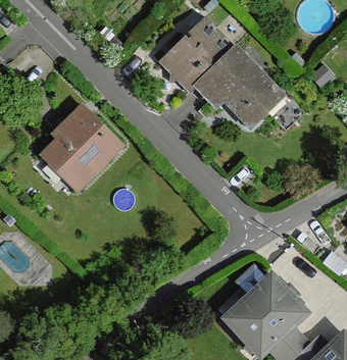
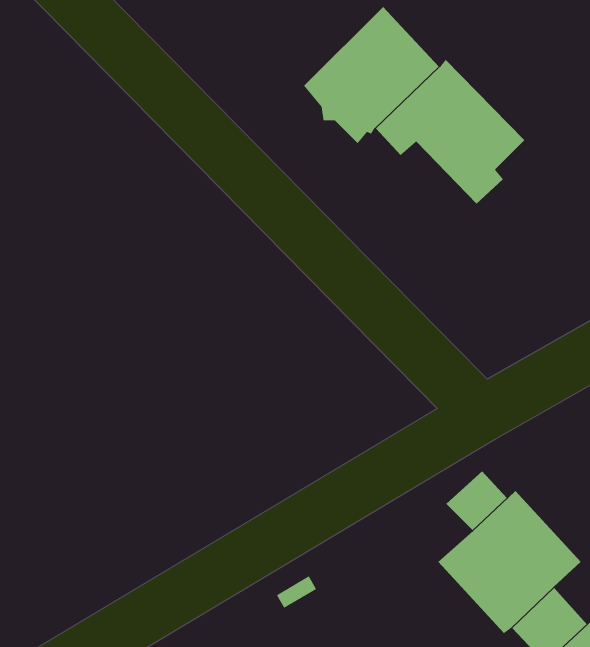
building: [43,106,121,189] -> none

